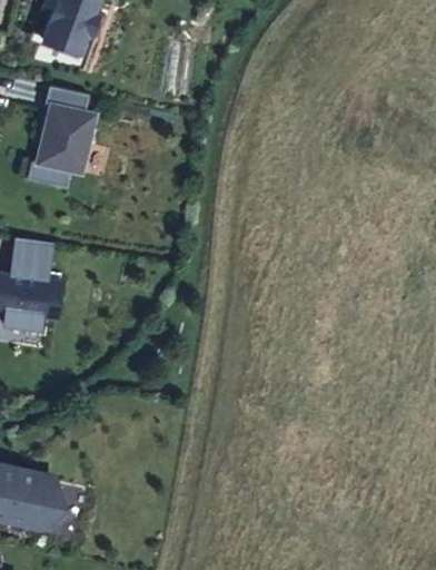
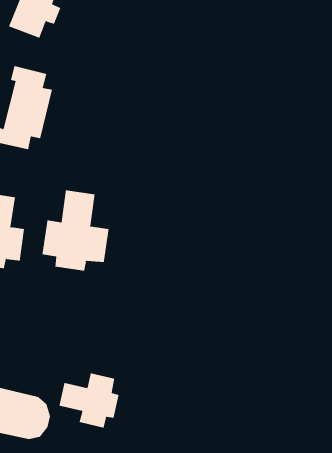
building: none -> [42,190,109,271]
building: none -> [59,372,119,429]

